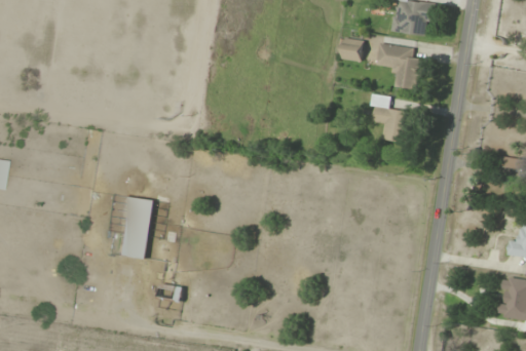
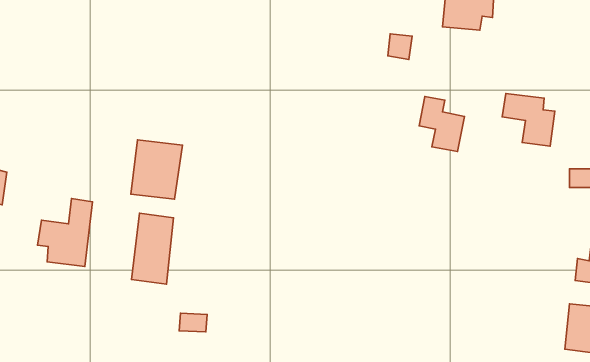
building: [377,43,423,89] -> [502,94,555,146]
building: none -> [131,140,183,199]
building: none -> [37,198,93,266]

